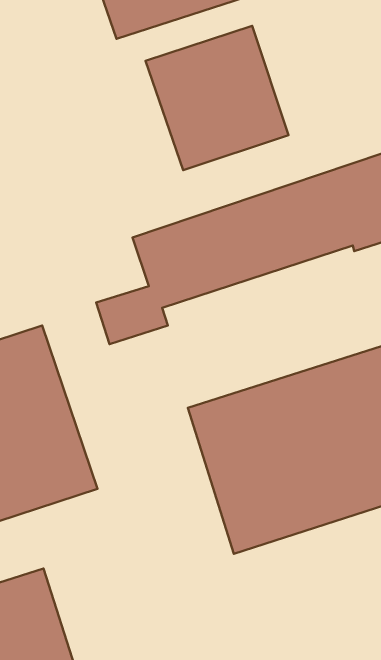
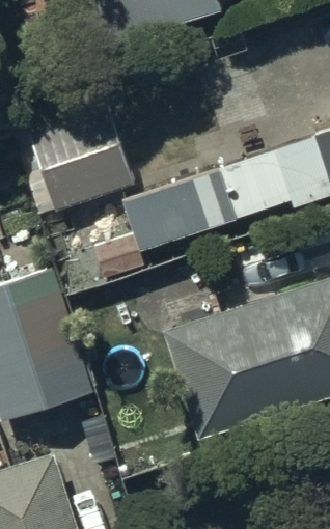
building: [146,26,289,170] -> [26,102,136,213]

